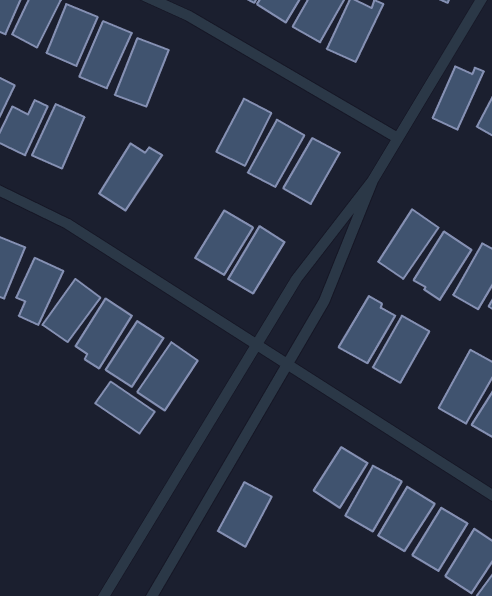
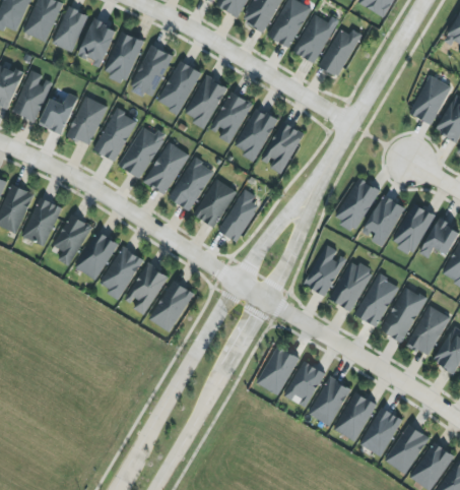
building: none -> [156,60,202,114]
building: [433,66,484,130] -> [321,28,360,77]
building: none -> [184,75,227,127]
building: none -> [94,108,137,162]
building: none -> [143,141,190,194]
building: none -> [170,158,214,210]
building: none -> [357,274,398,326]
building: [95,382,155,434] -> none
building: [218,482,272,547] -> [258,346,300,395]

